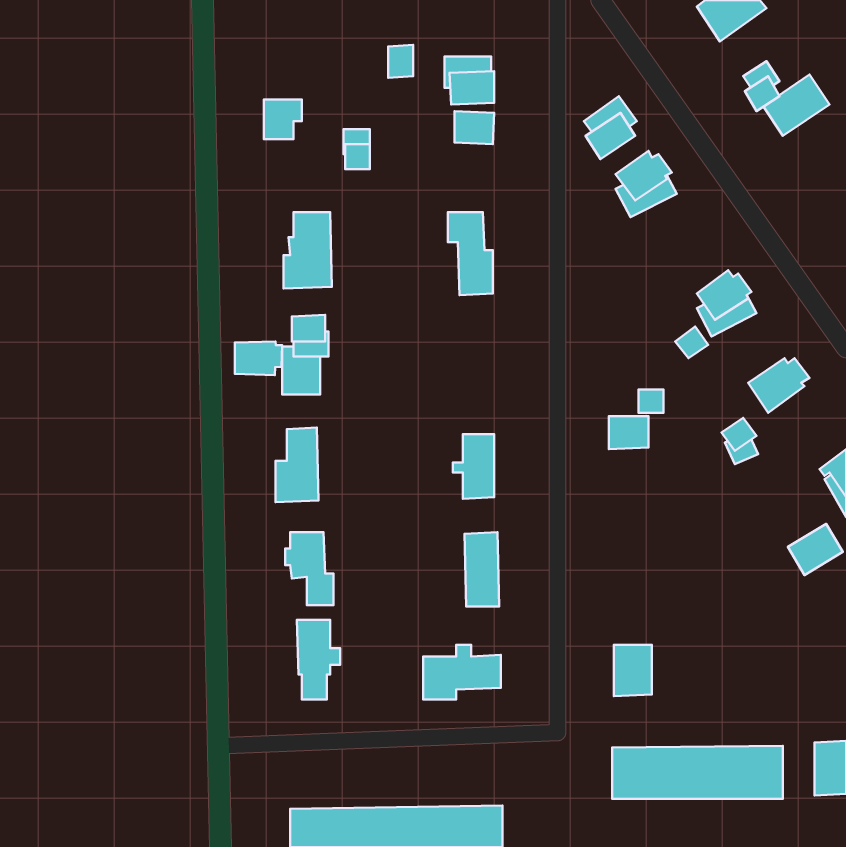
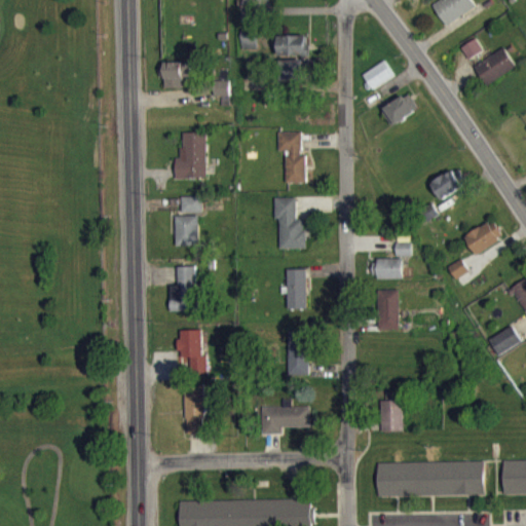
building: none -> [274,197,305,249]
building: [235,342,282,375] -> none
building: none -> [377,290,399,331]

